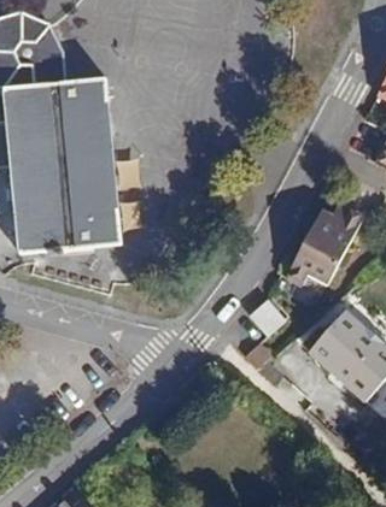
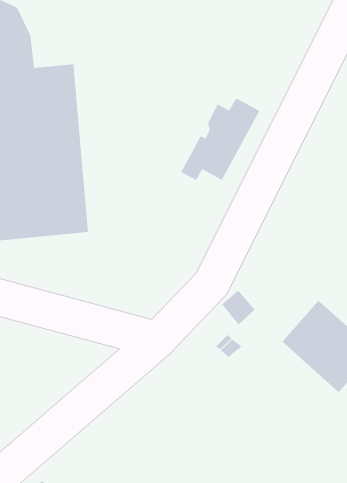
building: [285,201,363,283] -> [181,97,260,181]

